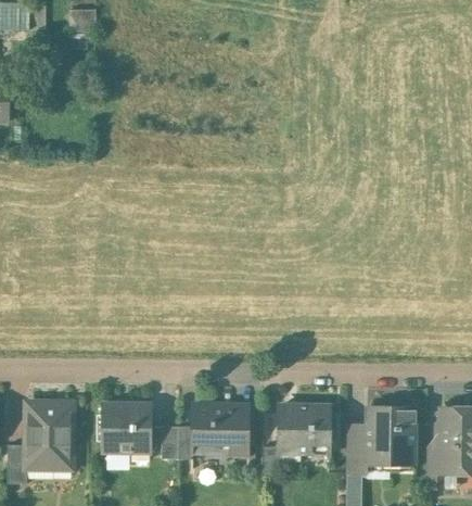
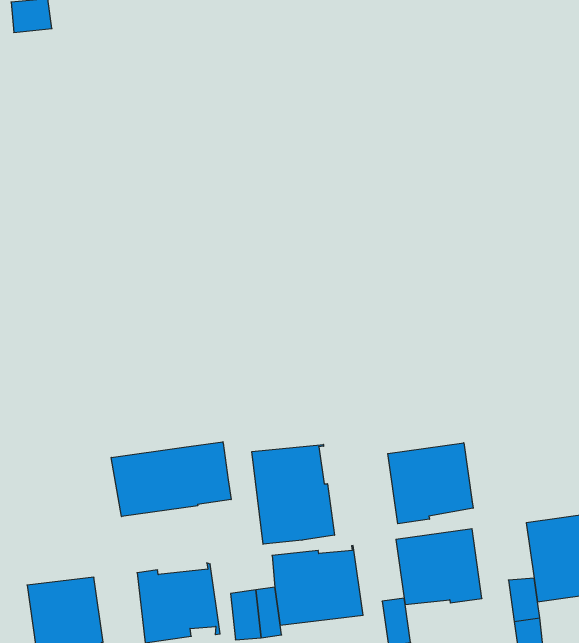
building: none -> [111,442,231,517]
building: none -> [252,444,334,544]
building: none -> [388,443,473,524]

